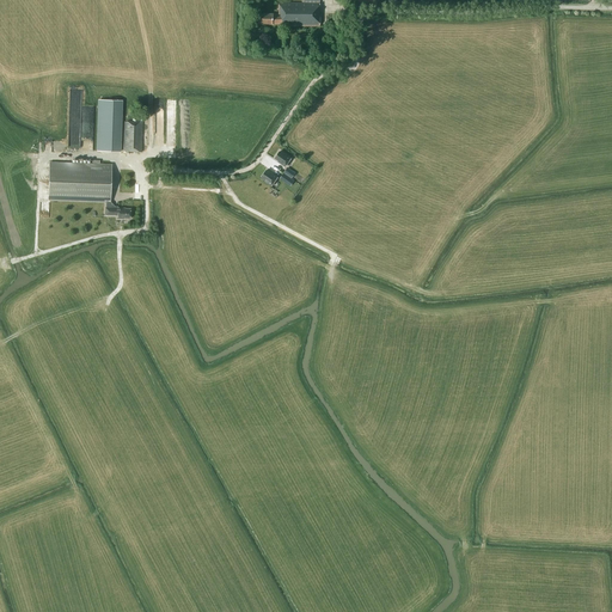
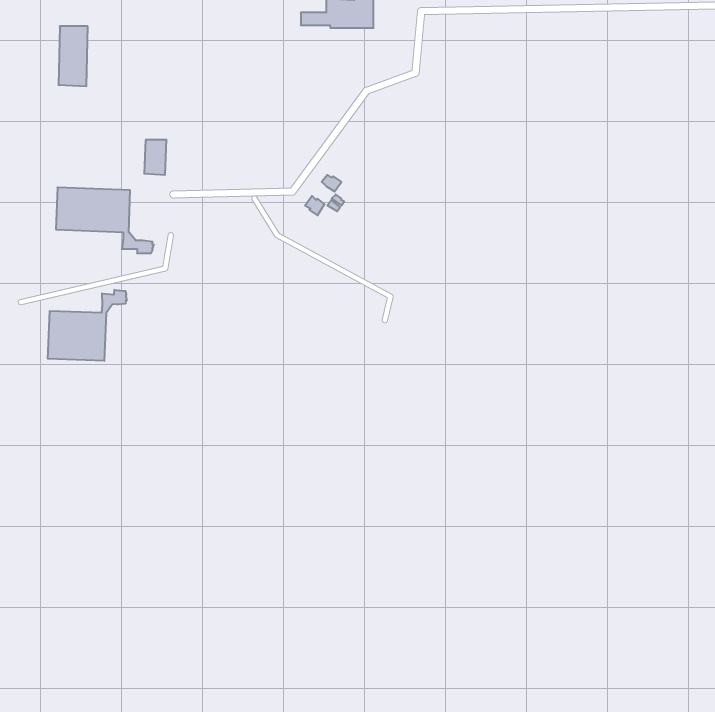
building: [97,98,122,149] -> [58,26,88,86]
building: none -> [48,290,127,361]

